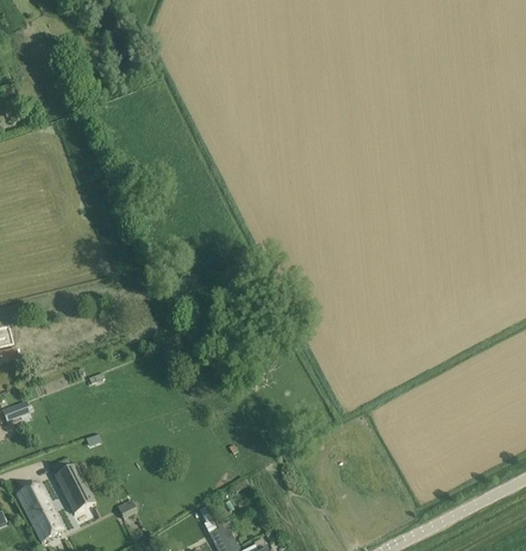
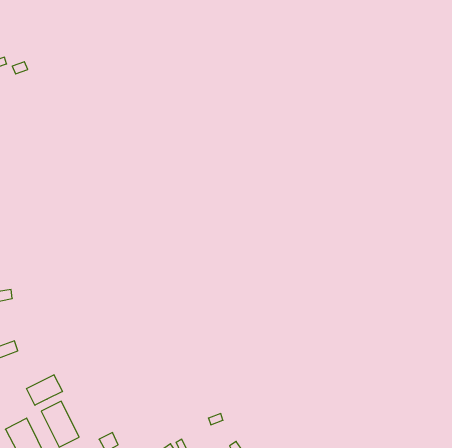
building: none -> [27,375,62,405]

